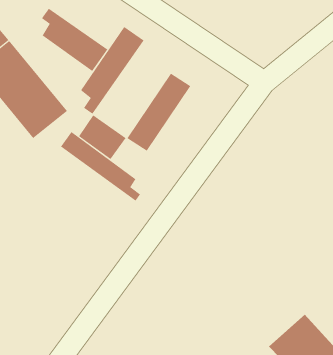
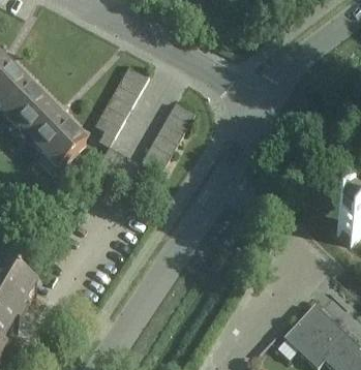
building: [41,8,108,72] -> none
building: [60,131,141,201] -> none

